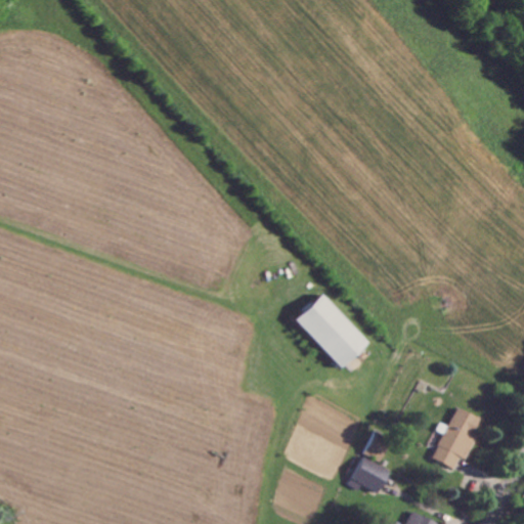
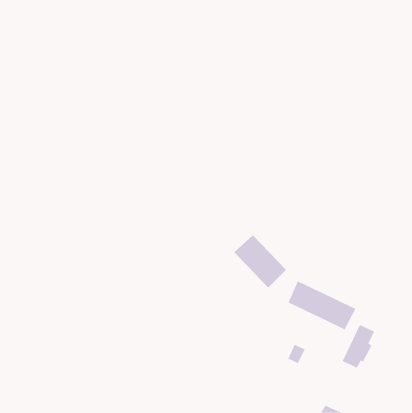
building: none -> [288,280,356,330]
building: [353,460,386,491] -> none

